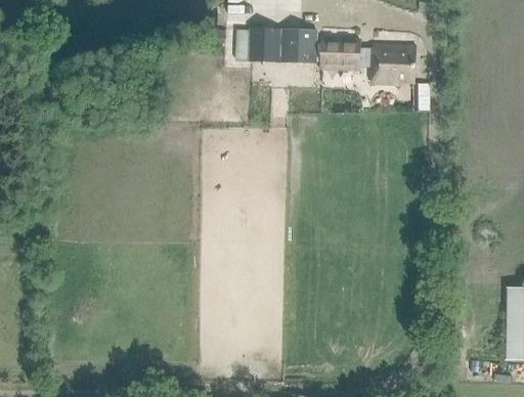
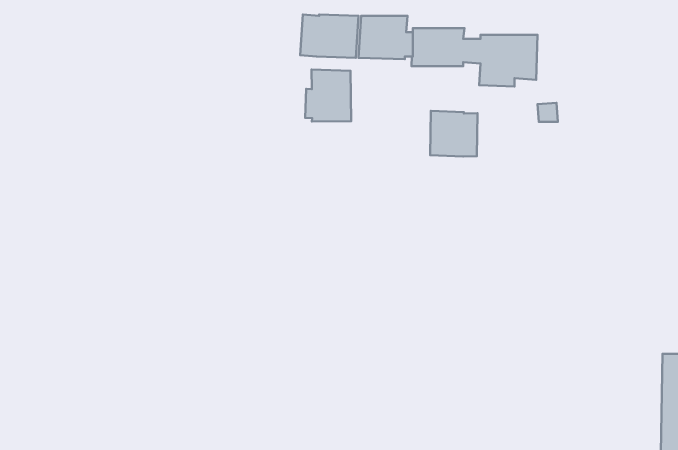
building: none -> [305,70,351,121]
building: none -> [430,111,477,156]

